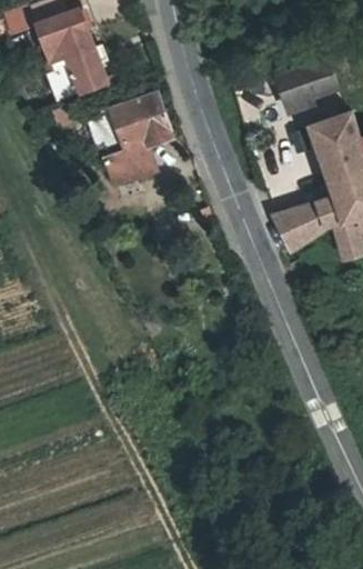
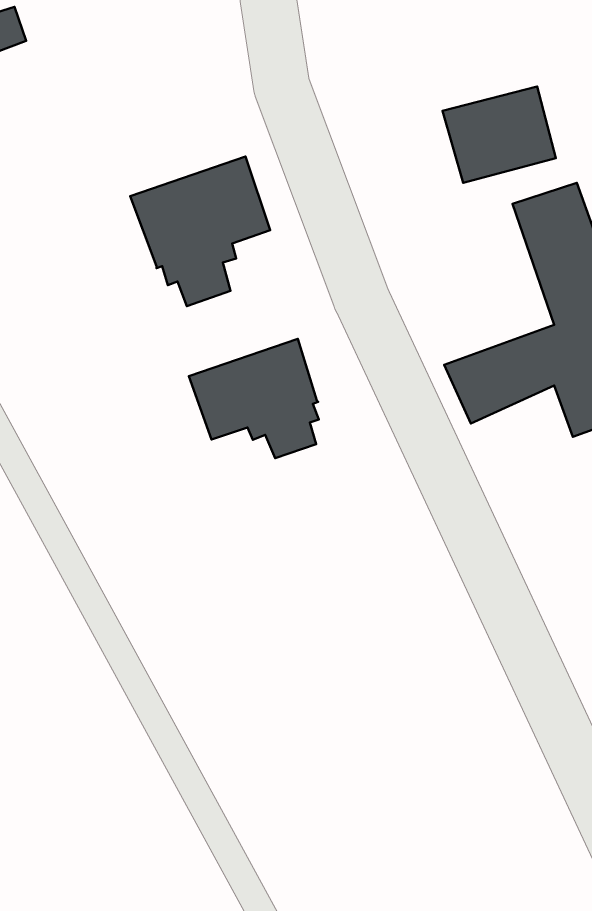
building: [37,12,103,101] -> none
building: none -> [189,339,319,458]

